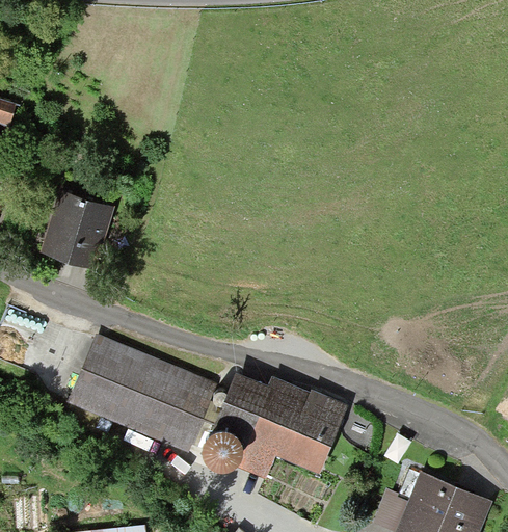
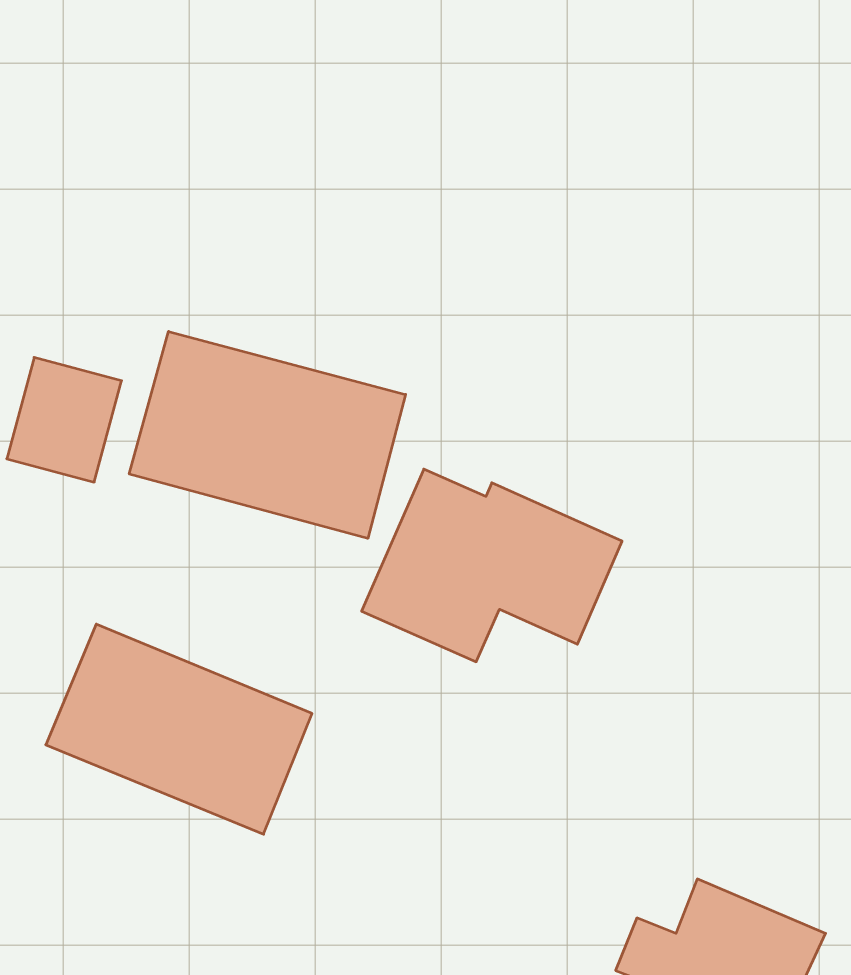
building: none -> [129,331,406,538]
building: [202,372,341,475] -> [362,469,622,662]

